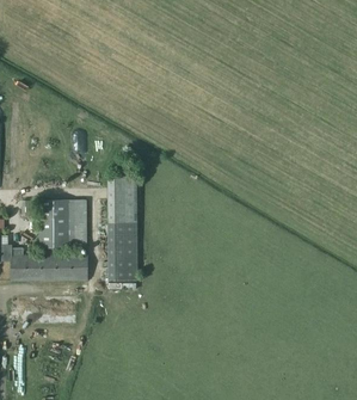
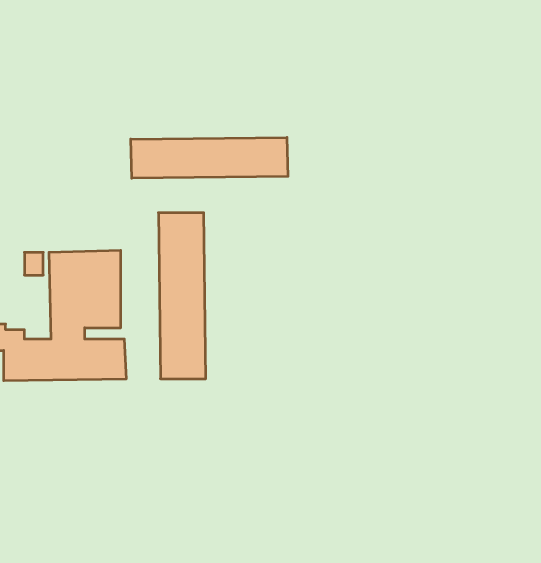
building: none -> [131,137,288,178]

